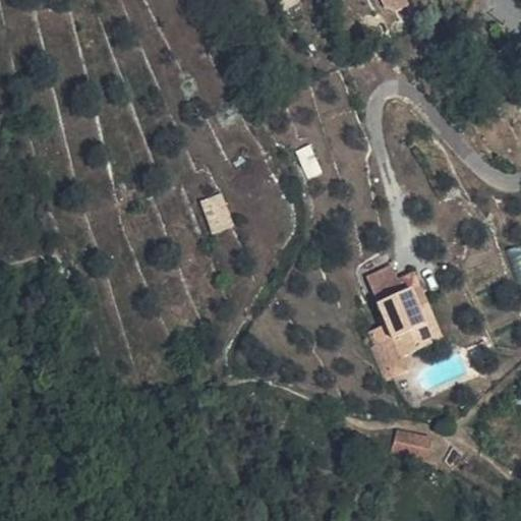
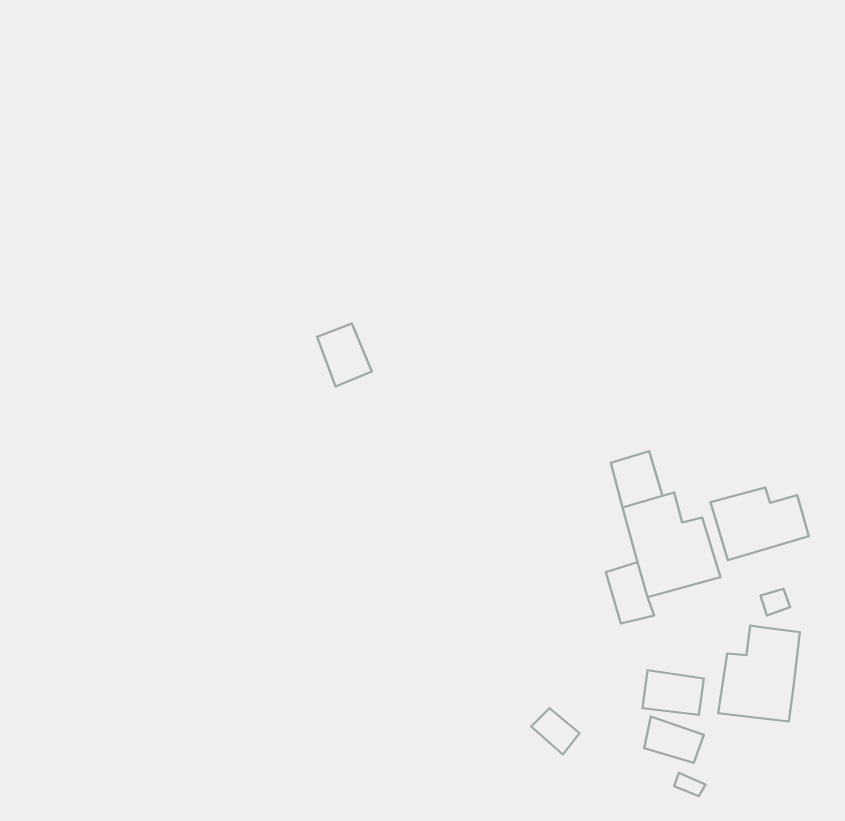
building: none -> [710,487,809,560]
building: none -> [718,626,800,721]

